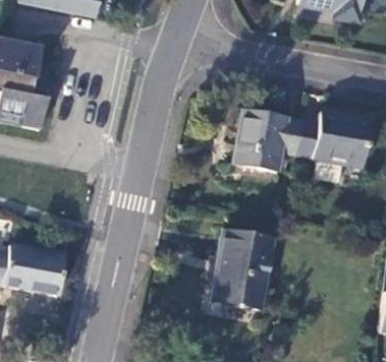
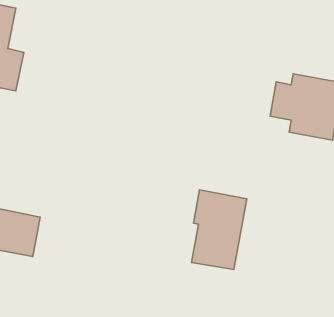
building: [234,110,304,172] -> none

